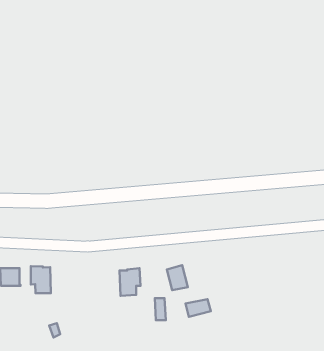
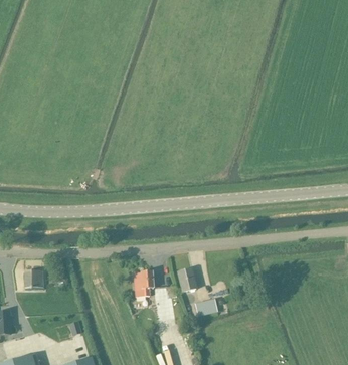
building: [31,266,51,293] -> none

